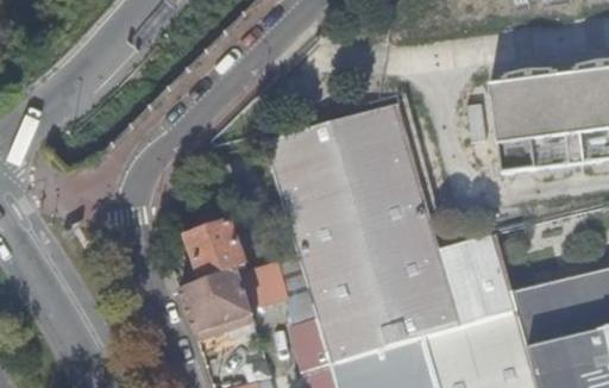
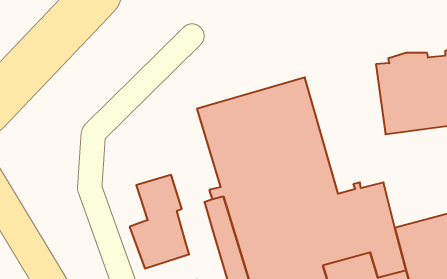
building: [239,262,285,312] -> none

